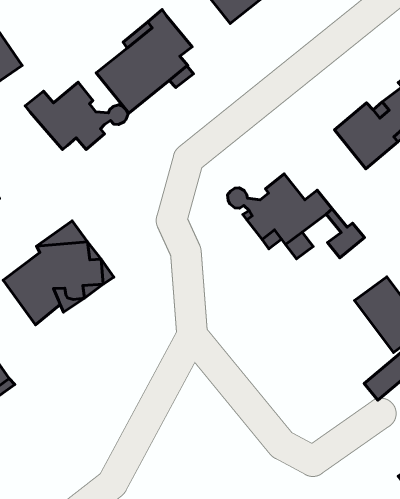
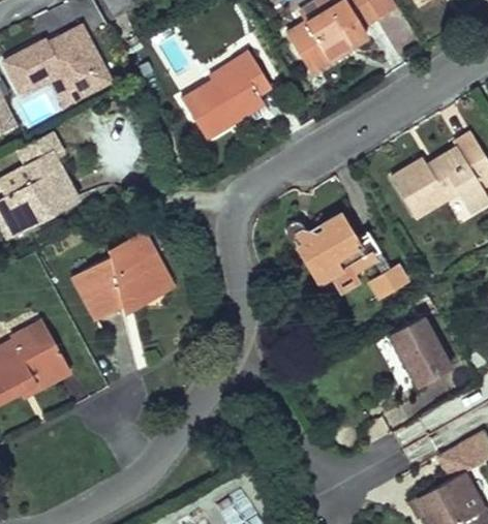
building: [25,82,128,150] -> none

